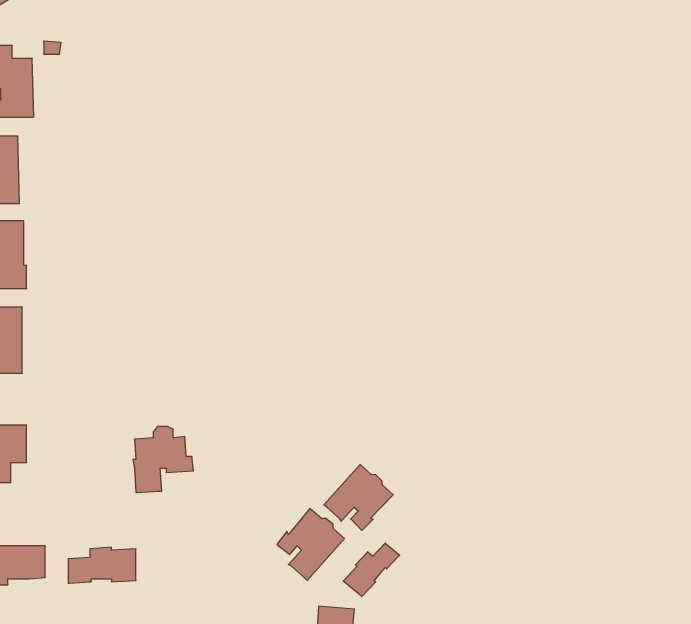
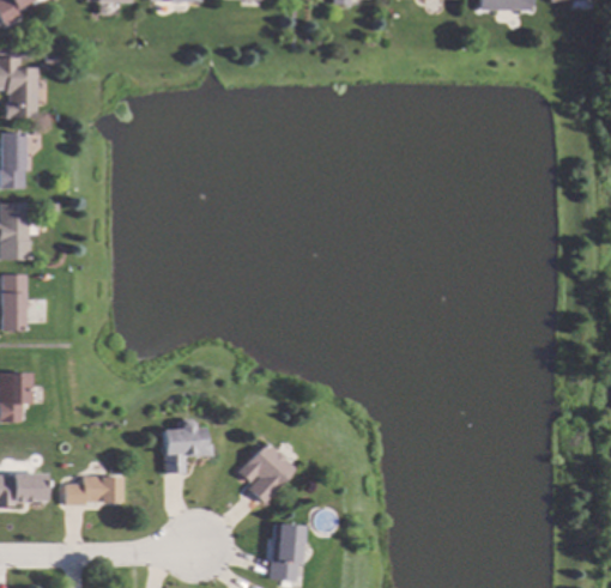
building: [133,426,193,492] -> [161,418,211,473]
building: [324,465,393,530] -> none
building: [343,543,400,597] -> none

